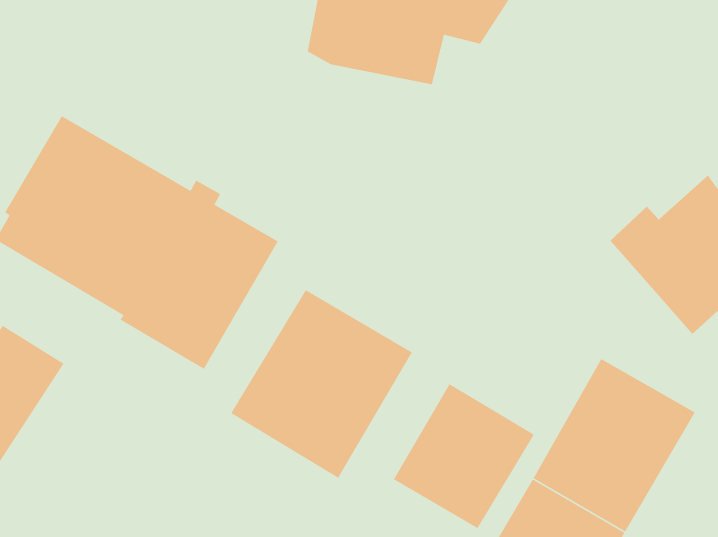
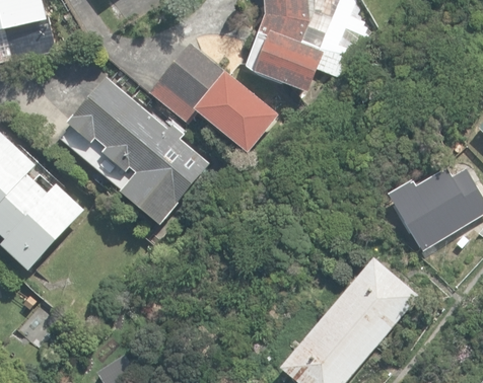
building: none -> [149,43,278,152]
building: [230,289,413,479] -> none
building: [393,383,535,529] -> none

